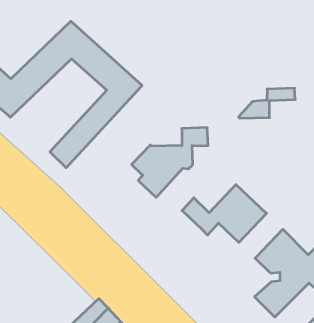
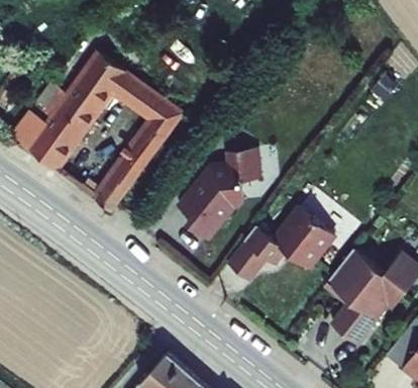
building: [239,88,295,118] -> [201,139,259,178]
building: none -> [225,244,267,285]

